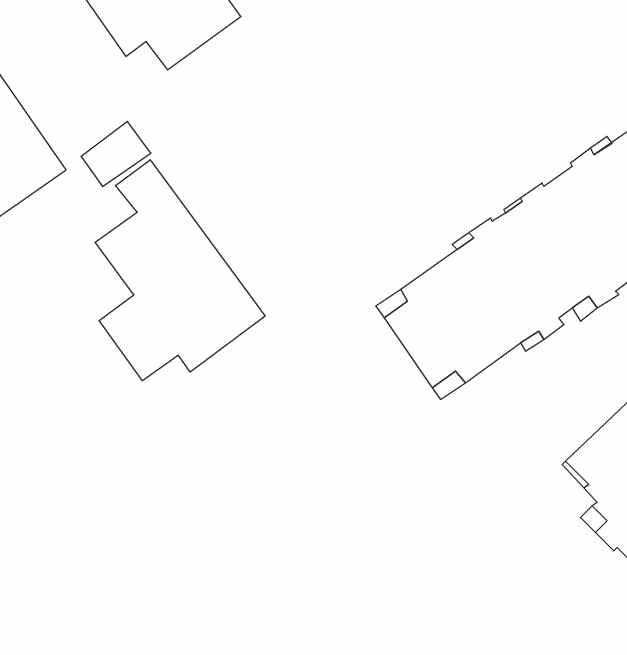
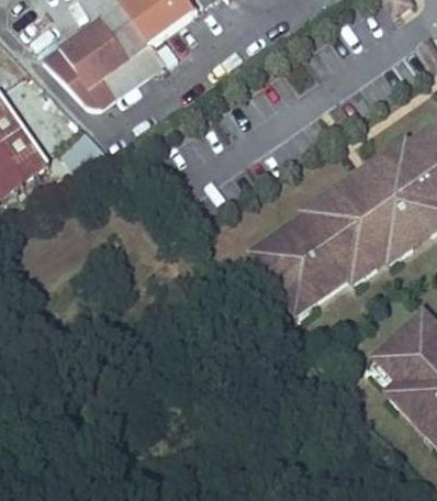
building: [95,160,265,381] -> none

